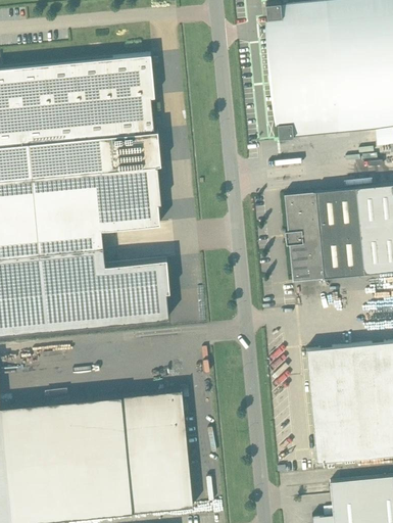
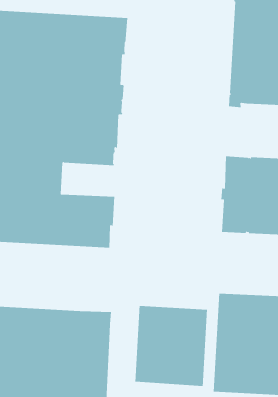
building: none -> [135,305,208,387]

